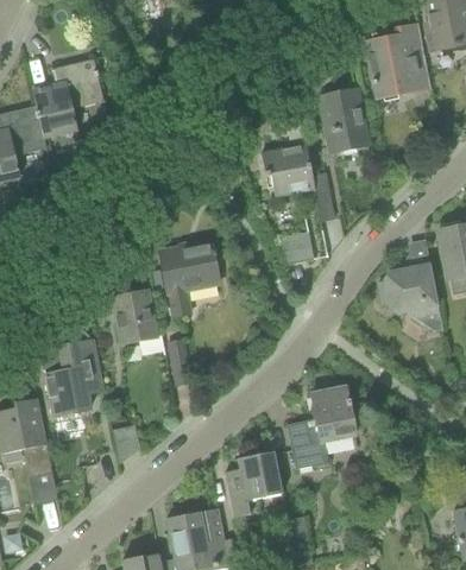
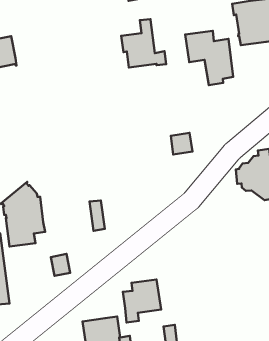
building: [33,57,105,137] -> none
building: [260,126,329,200] -> [121,19,166,68]
building: [159,240,220,316] -> none
building: [112,290,164,354] -> none
building: [288,387,355,469] -> none

